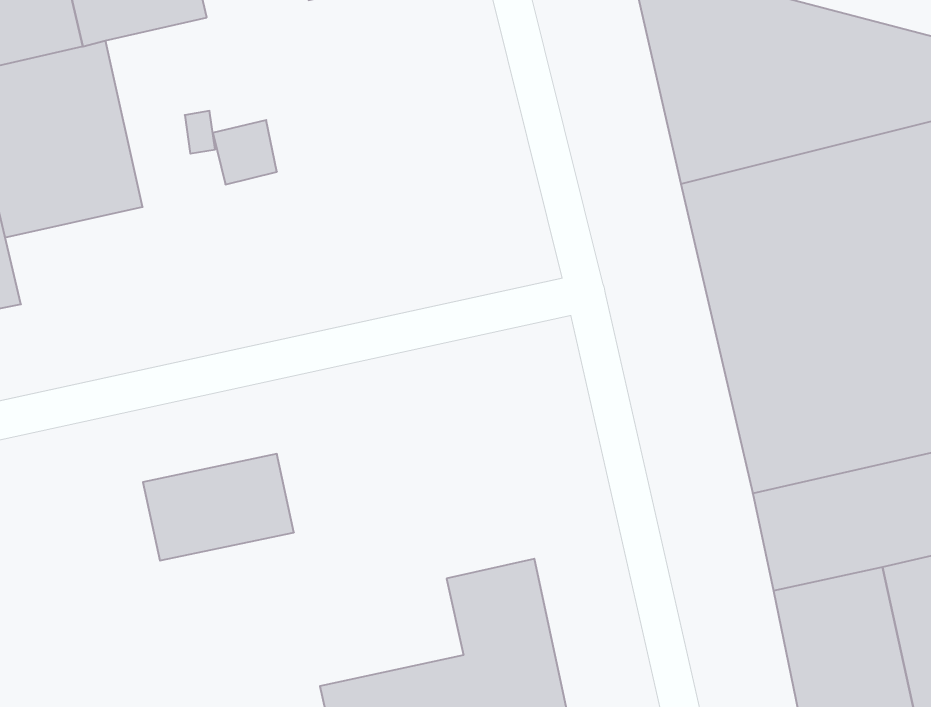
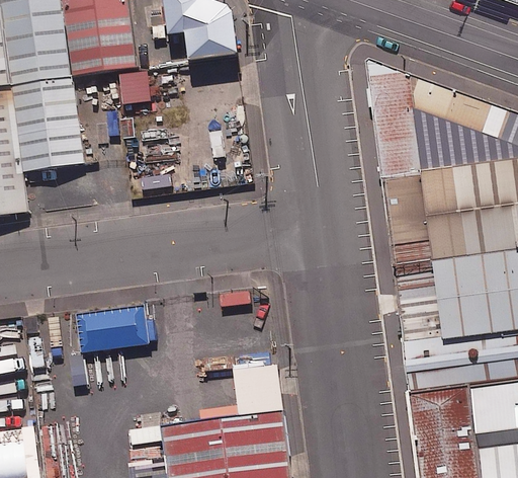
building: [213,120,277,184] -> [121,73,153,104]

